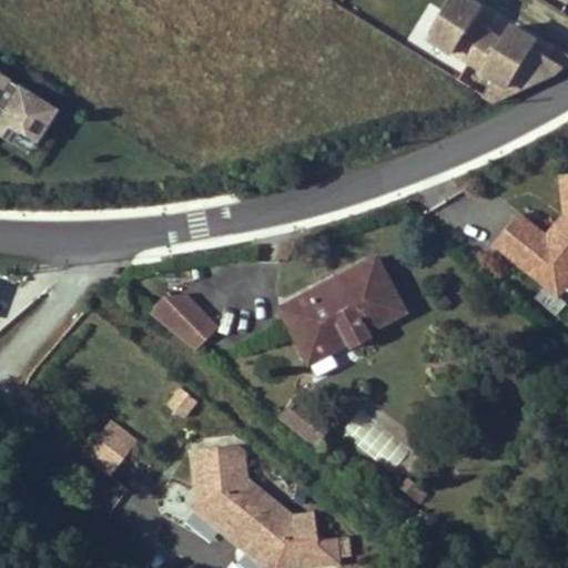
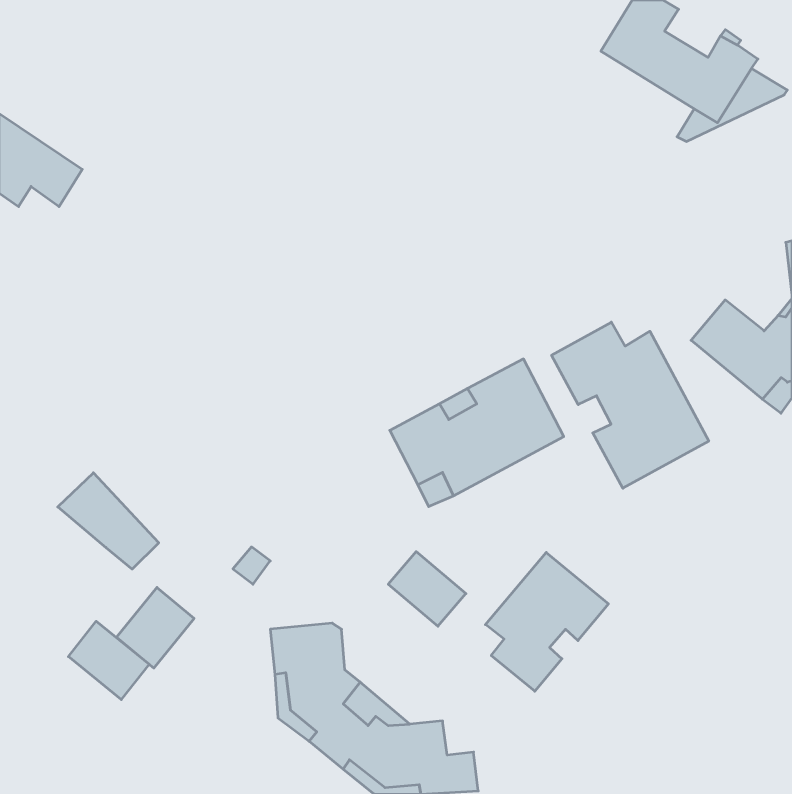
building: none -> [552,322,709,488]
building: [151,291,223,359] -> [58,473,159,569]
building: none -> [485,552,608,691]
building: none -> [68,621,149,700]

